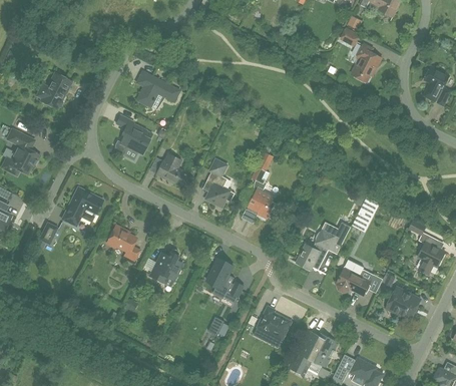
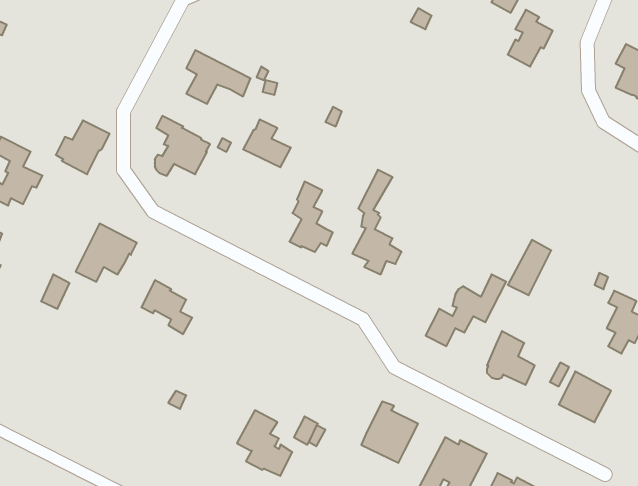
building: [35,72,71,108] -> [56,120,110,174]
building: [155,153,187,185] -> [243,119,291,167]
building: [148,249,181,282] -> none
building: [205,258,243,302] -> [237,410,292,476]

